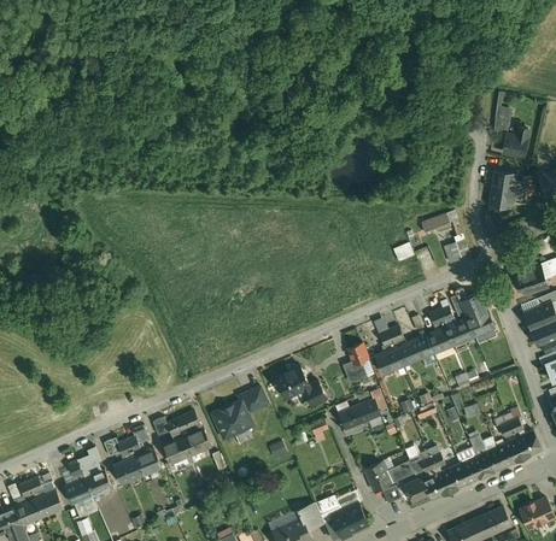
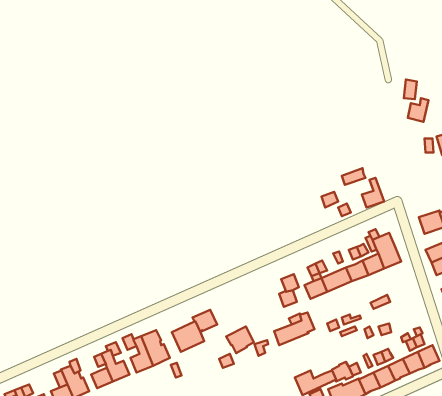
building: [487,170,514,207] -> none
building: [275,366,309,399] -> [226,327,254,353]

